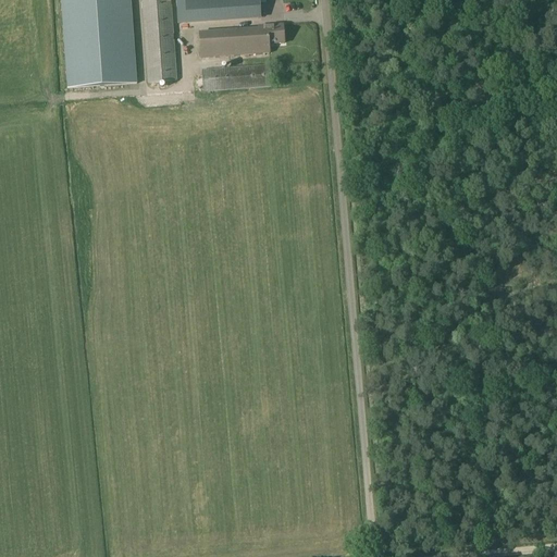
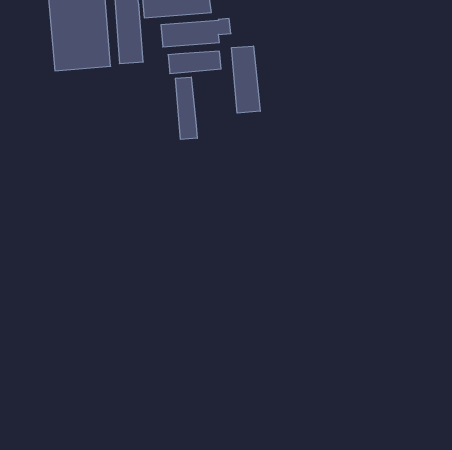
building: none -> [232,46,260,113]
building: none -> [175,77,197,139]

